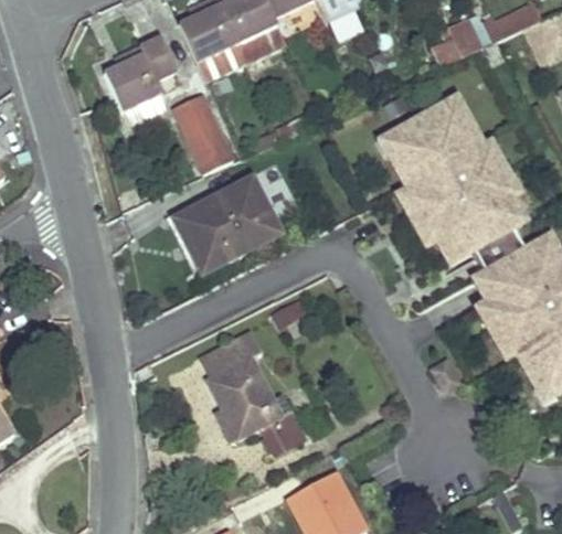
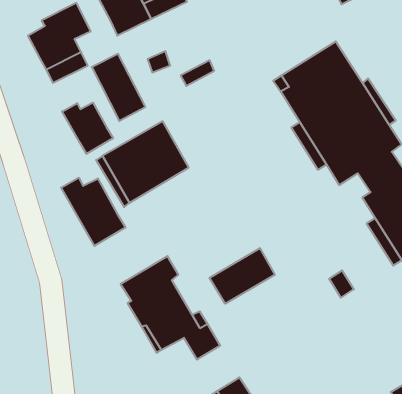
building: none -> [62,103,113,154]
building: none -> [61,178,126,246]
building: none -> [210,248,275,304]

